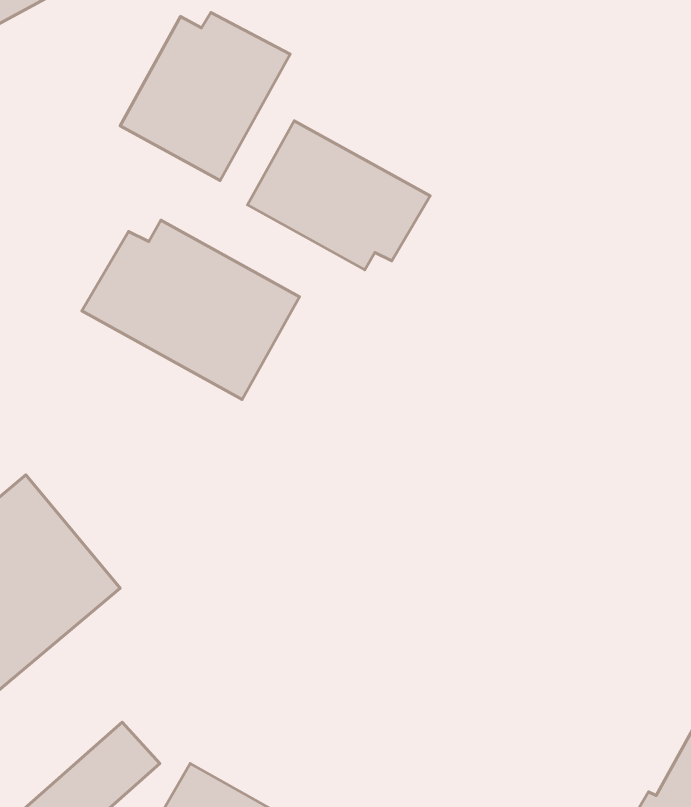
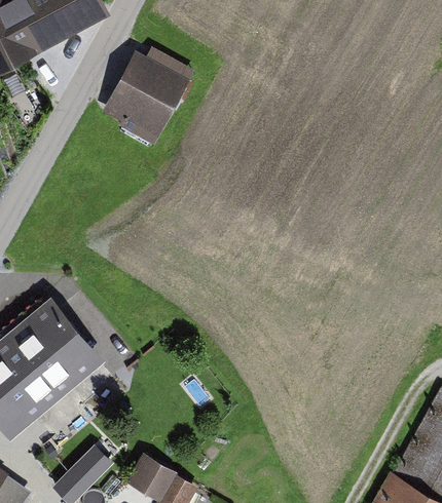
building: [247,121,430,270] -> none
building: [82,220,299,399] -> none

